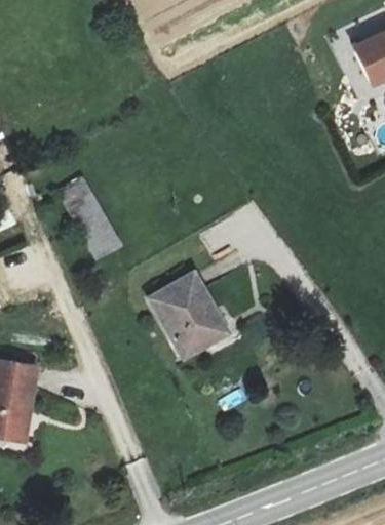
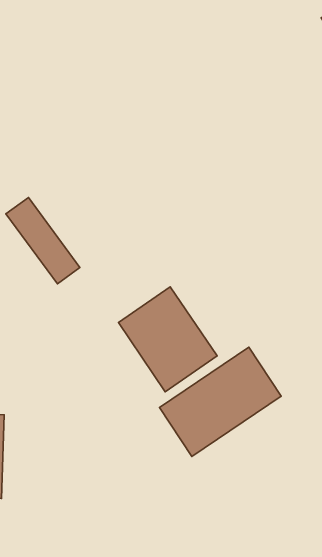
building: none -> [160,347,281,456]

